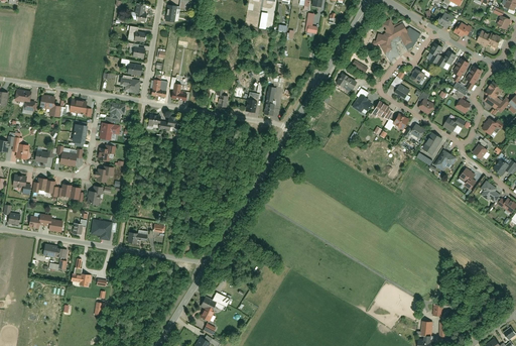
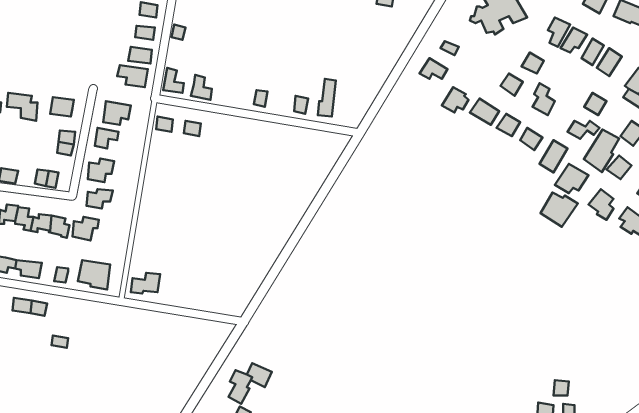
building: none -> [584,129,619,172]
building: none -> [540,193,578,227]

